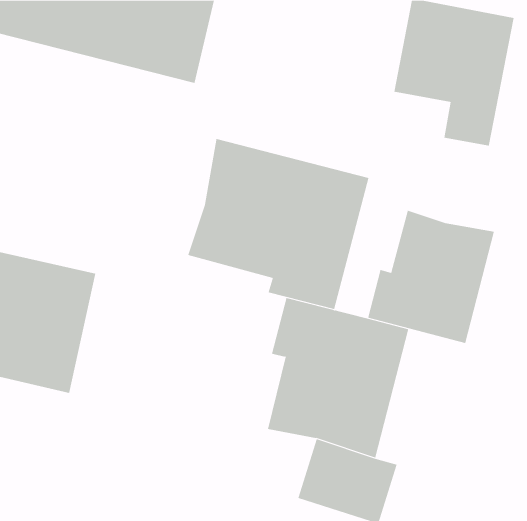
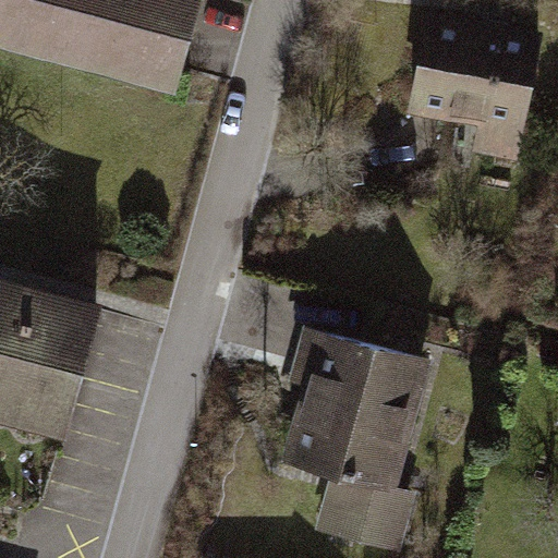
building: [187,138,369,310] -> none
building: [368,210,495,344] -> none

